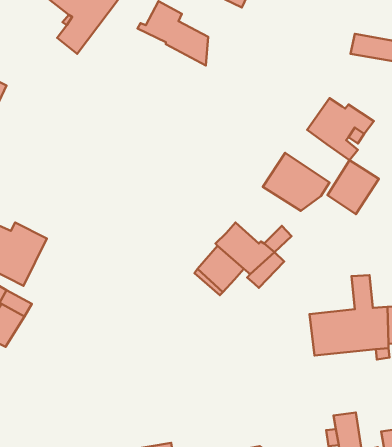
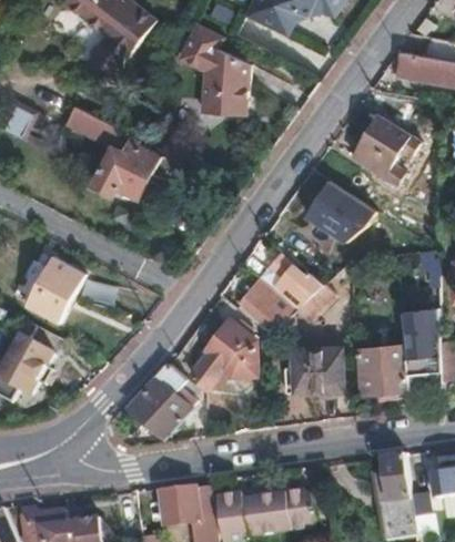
building: none -> [202,67,246,108]
building: none -> [67,106,158,198]
building: [327,160,379,214] -> none
building: none -> [189,321,257,388]
building: none -> [289,348,337,390]
building: none -> [128,364,186,436]

